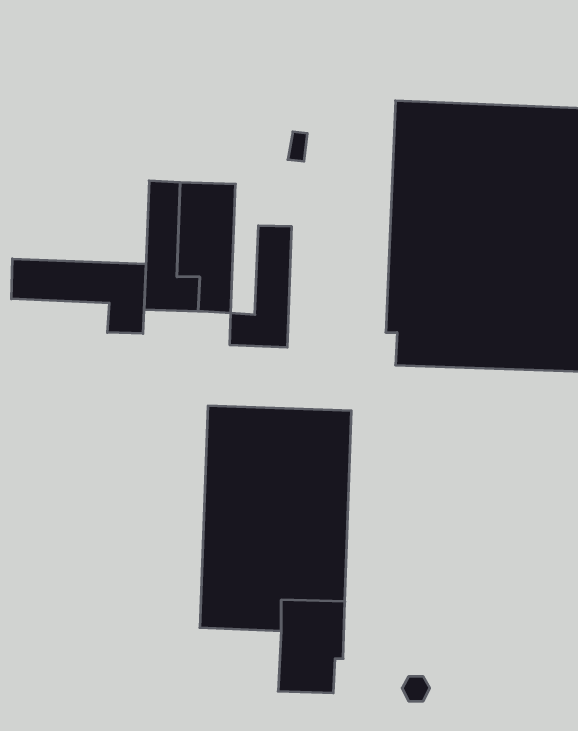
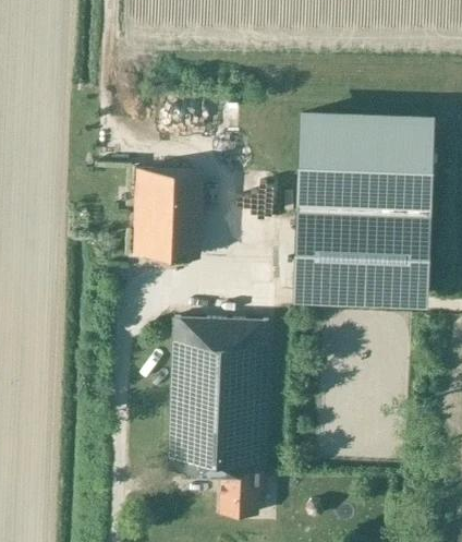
building: [230,226,291,347] -> none
building: [11,259,146,334] -> none

